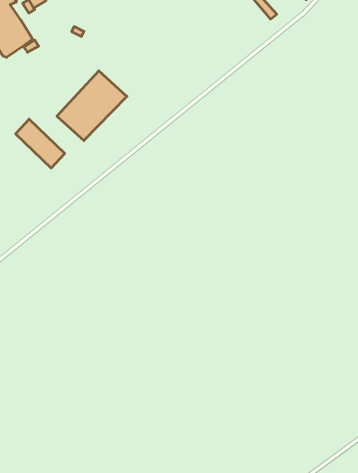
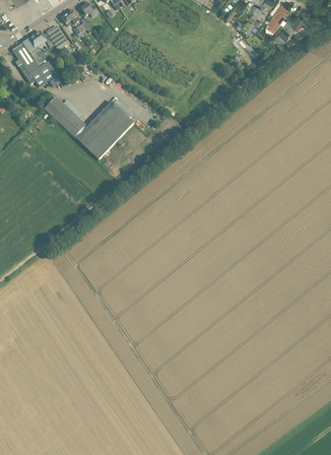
building: [16,119,65,168] -> [44,96,84,137]

